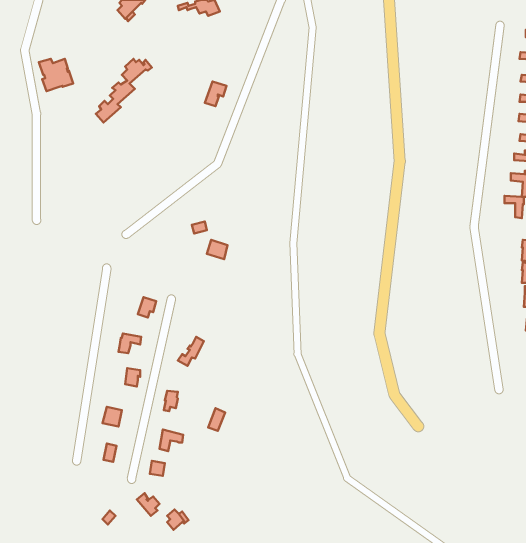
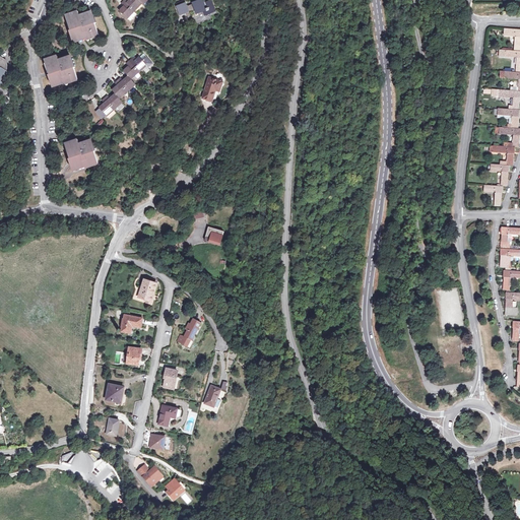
building: none -> [66,11,99,42]
building: none -> [65,139,98,170]

